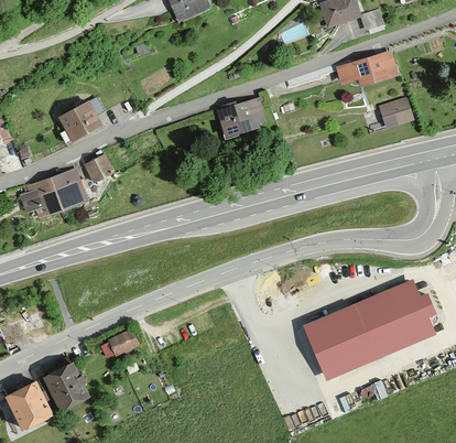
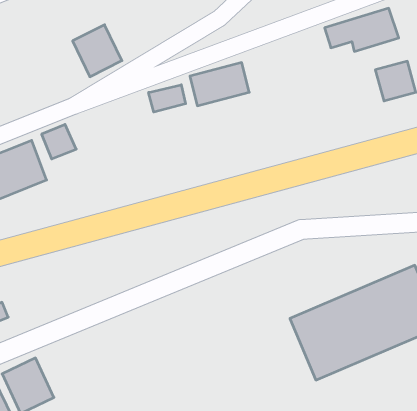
building: [56,95,100,141] -> [73,25,122,77]
building: none -> [149,85,186,112]
building: [100,328,139,358] -> none

